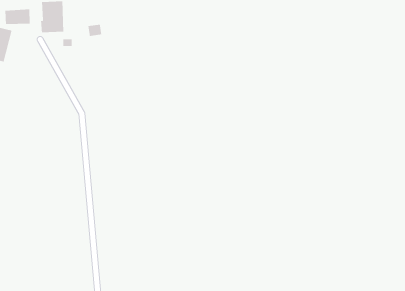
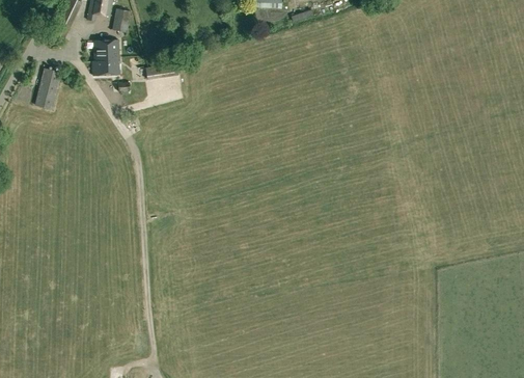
building: [4,9,31,25] -> none

